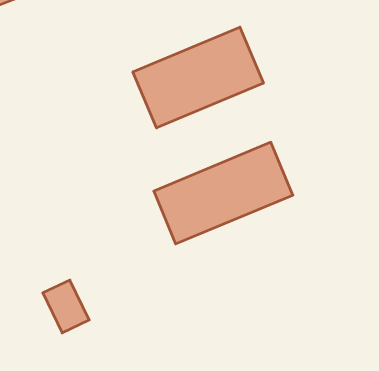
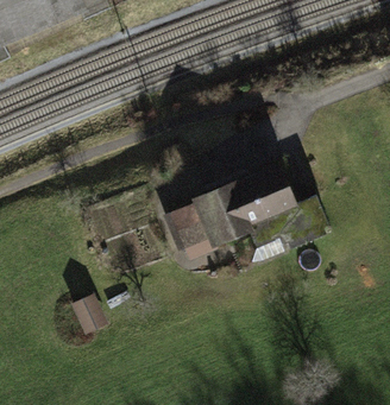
building: [133,27,263,128] -> none

